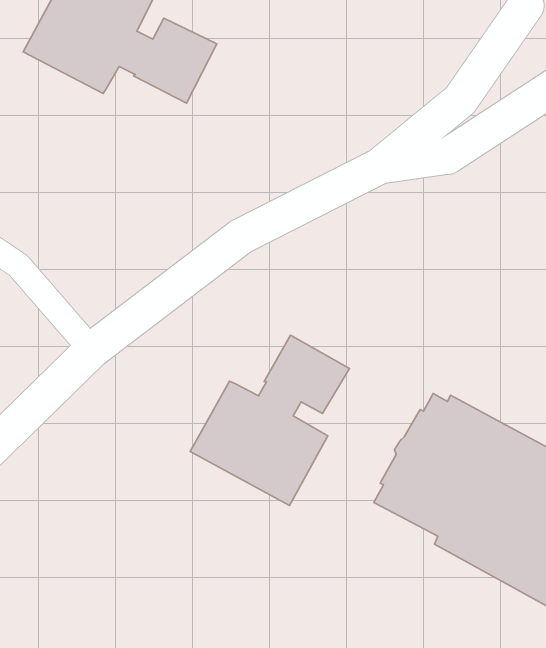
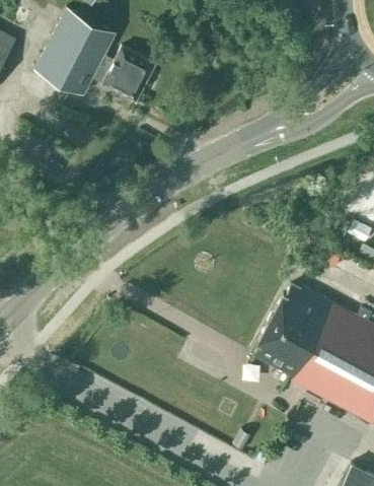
building: [190,335,350,506] -> none

